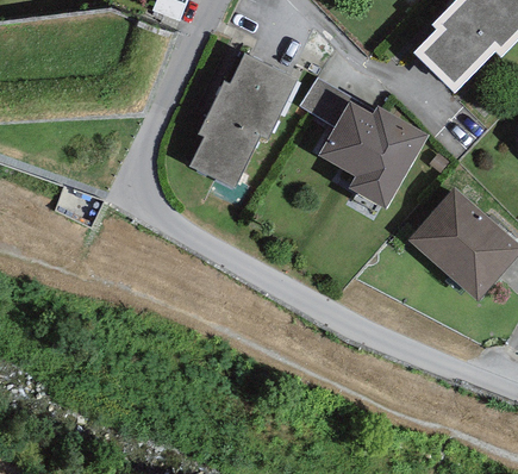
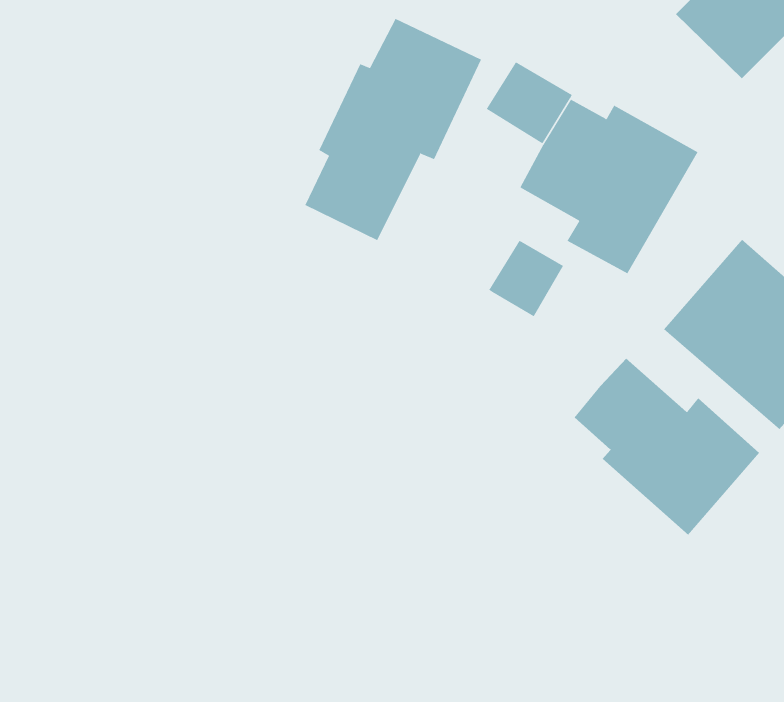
building: none -> [488,240,564,317]
building: none -> [574,358,760,536]

